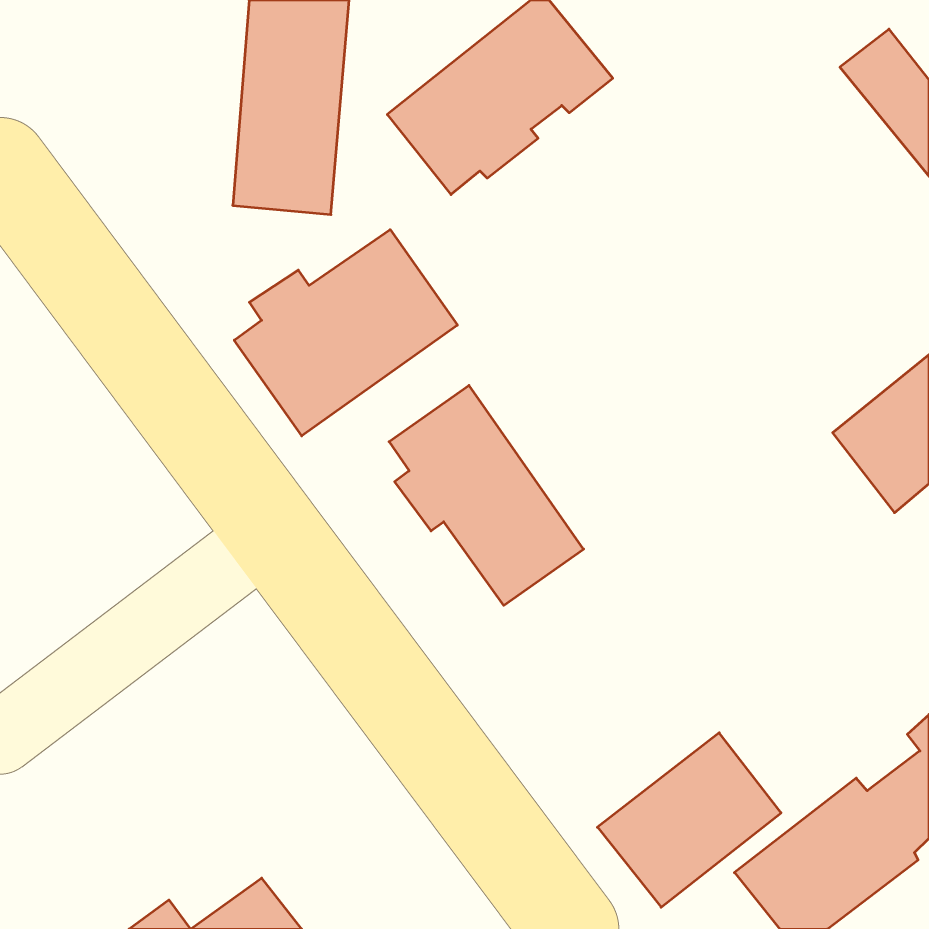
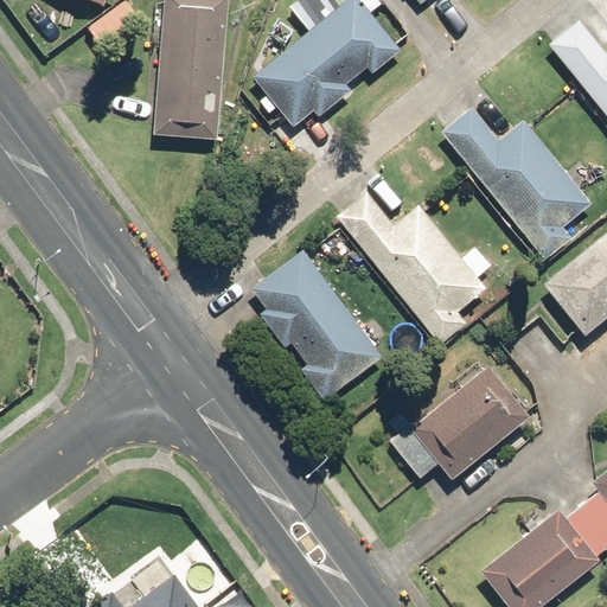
building: none -> [440,106,593,258]
building: [234,230,457,436] -> none
building: none -> [334,190,488,345]
building: [597,733,781,907] -> [410,365,530,479]

